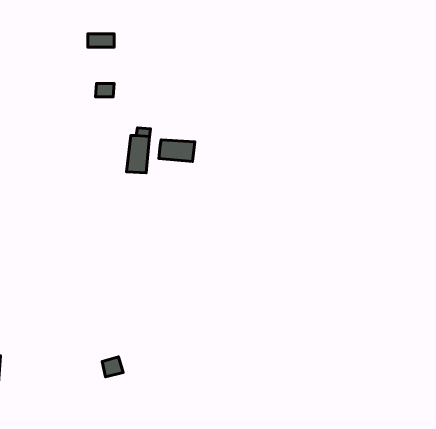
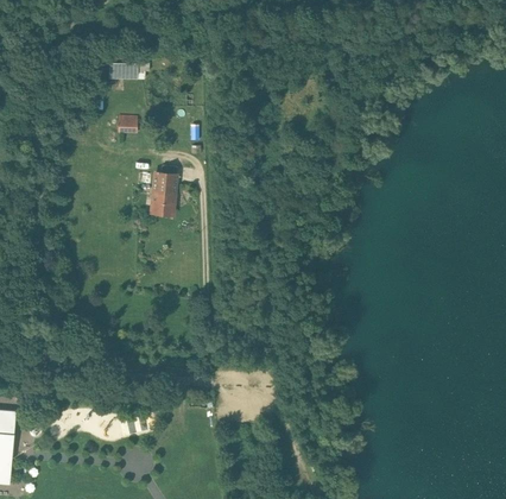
building: [159,140,195,161] -> none

